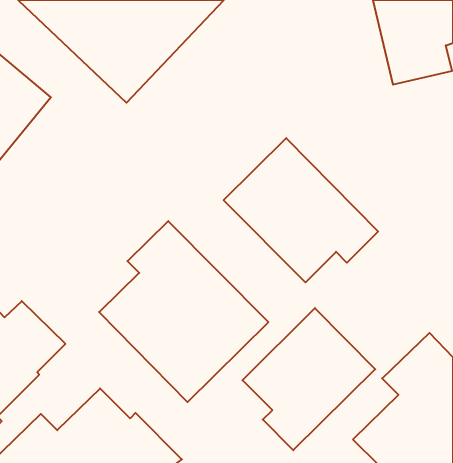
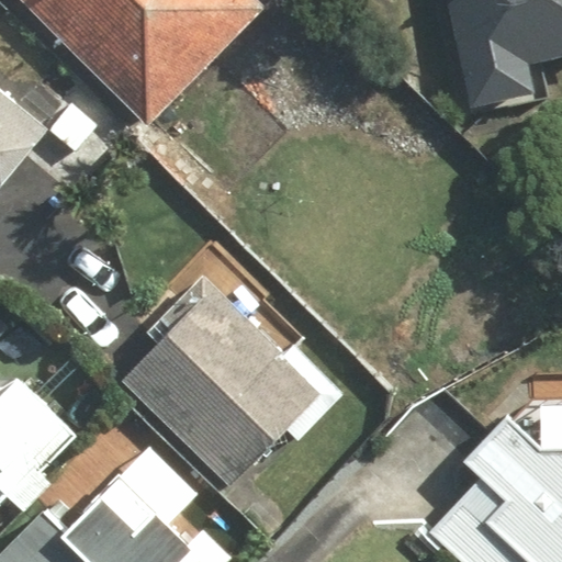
building: [224,138,378,282] -> none
building: [242,308,375,450] -> none

